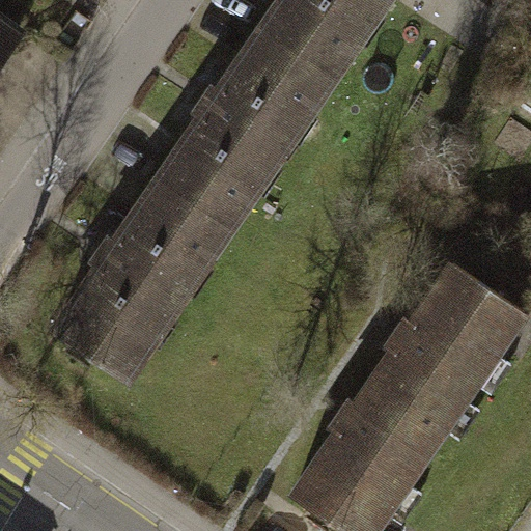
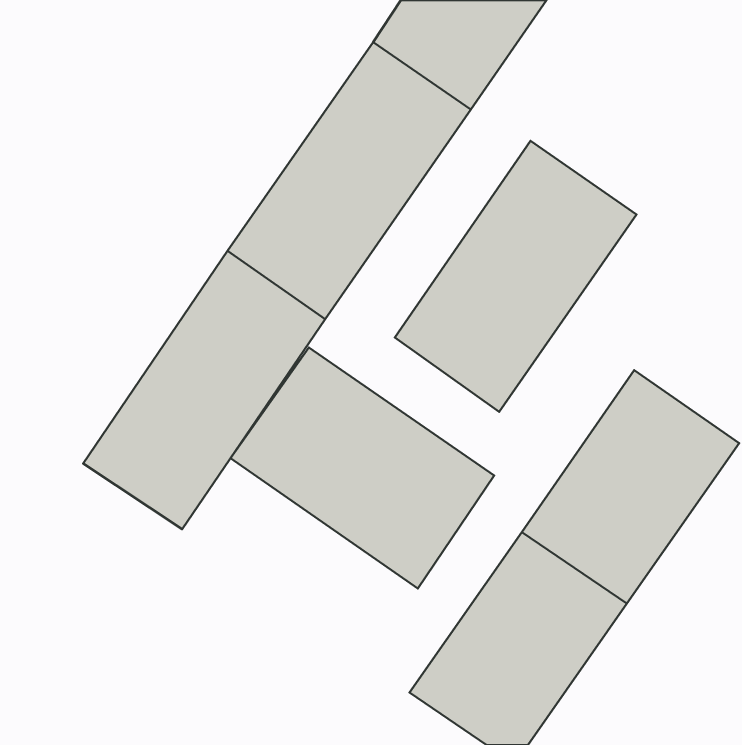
building: none -> [395,141,636,412]
building: none -> [231,348,494,588]

